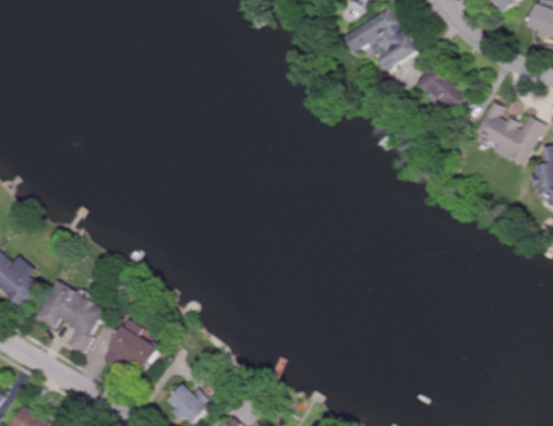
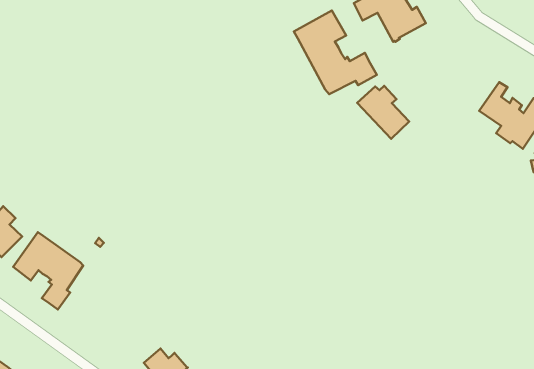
building: none -> [294,11,377,94]
building: [419,60,471,111] -> [357,86,409,139]
building: [100,318,159,372] -> none

